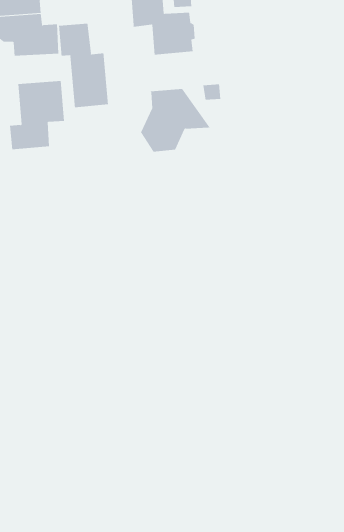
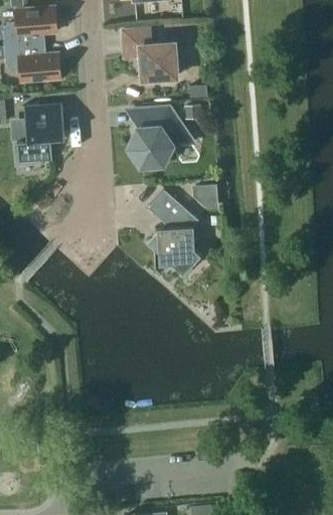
building: [58,23,108,108] -> none
building: none -> [192,184,218,209]
building: none -> [147,190,200,275]

